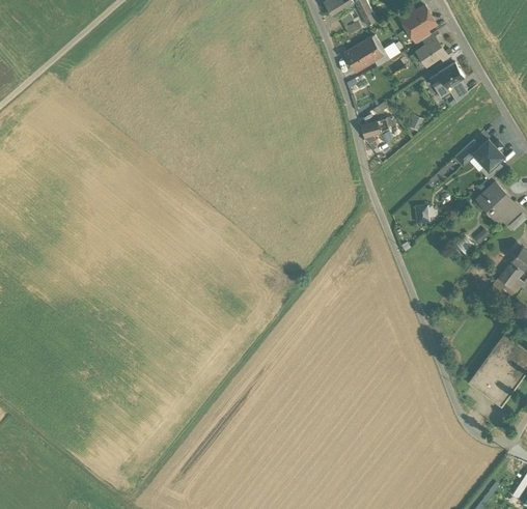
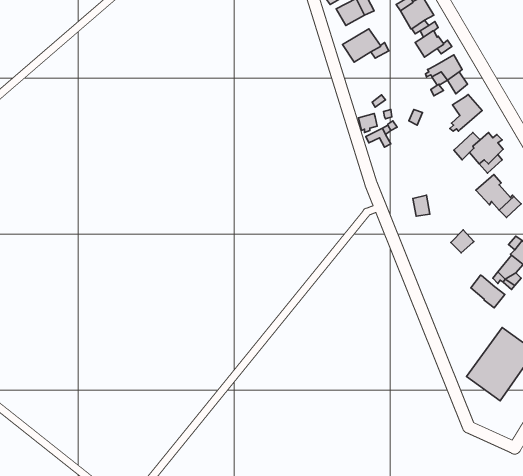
building: none -> [450,94,482,131]
building: none -> [471,275,505,308]

